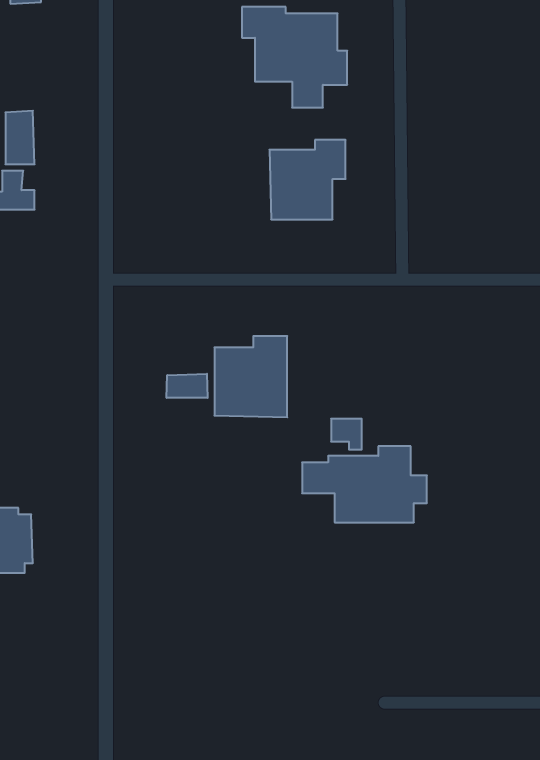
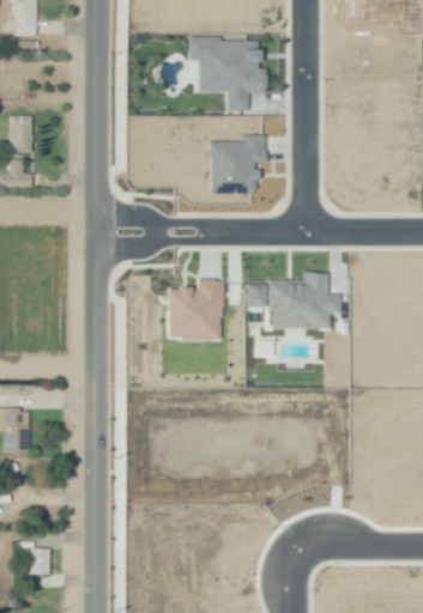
building: [167,374,208,398] -> none
building: [302,446,427,522] -> [247,272,339,328]
building: none -> [30,548,53,575]

